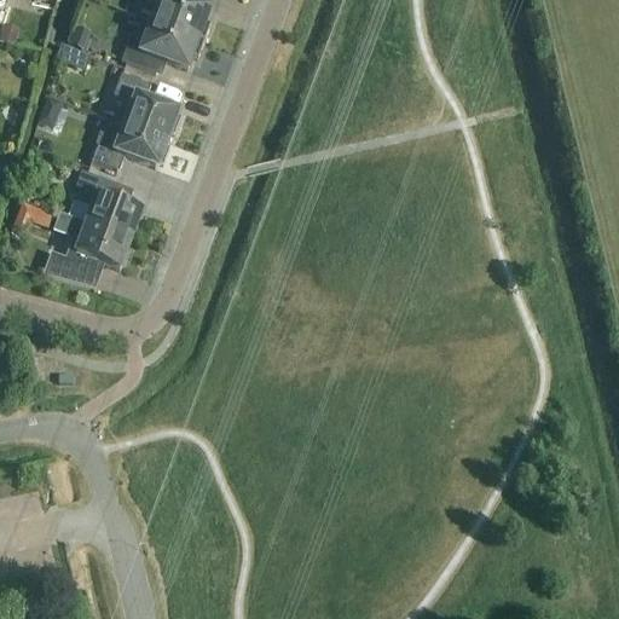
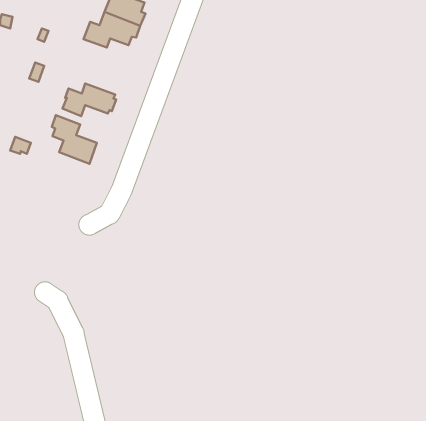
building: [111,71,181,137] -> none
building: [44,209,131,283] -> none

